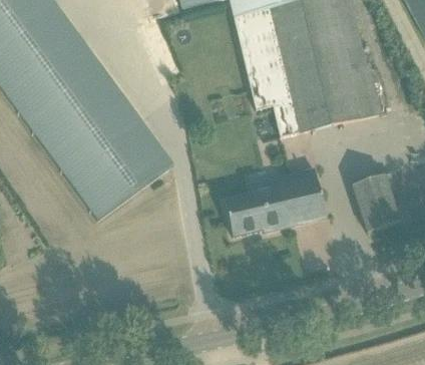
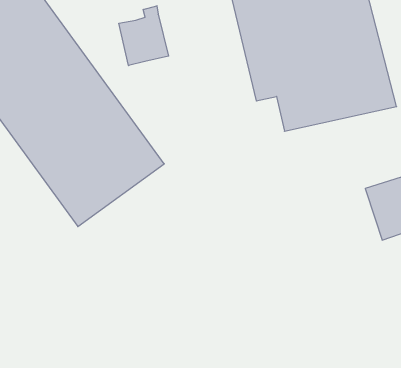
building: none -> [119,6,169,66]
building: [224,165,326,236] -> none

